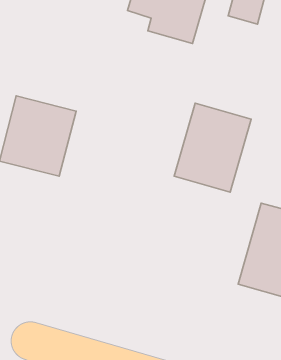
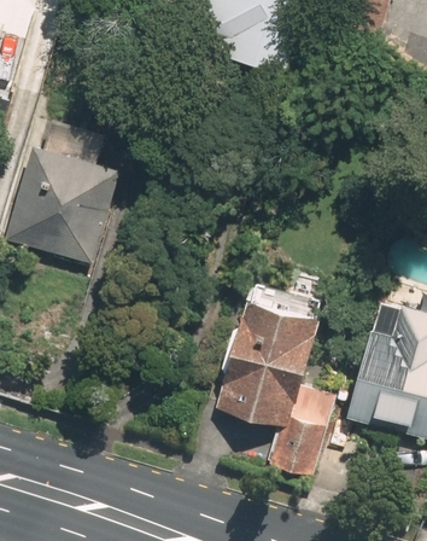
building: [174,103,251,192] -> none
building: none -> [217,295,332,476]

